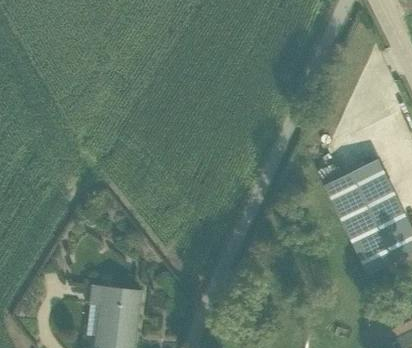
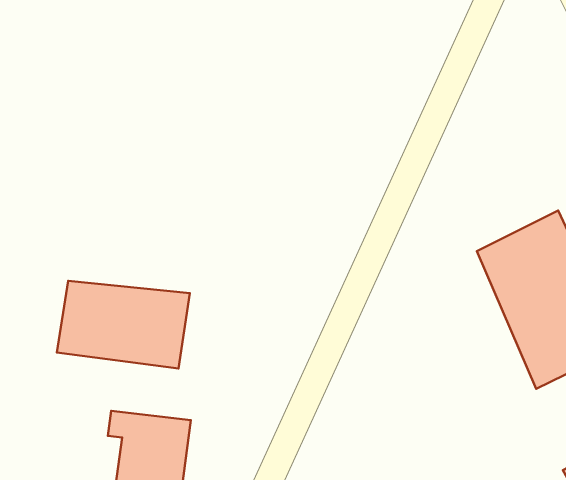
building: none -> [57,281,190,368]

